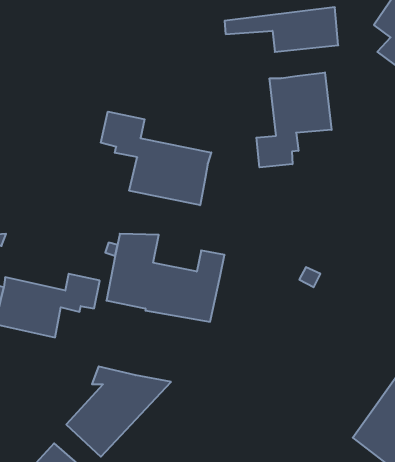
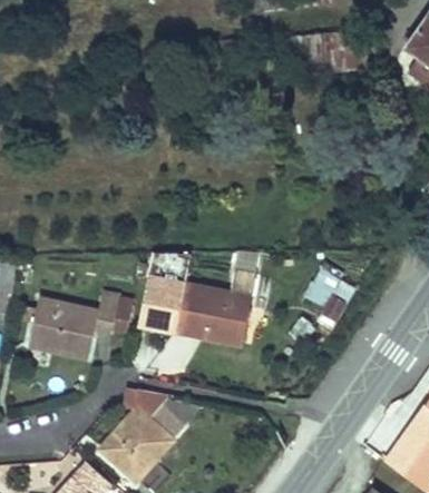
building: [256,72,332,167] -> none
building: [101,112,211,205] -> none

